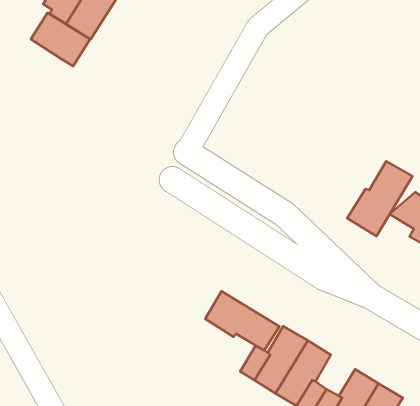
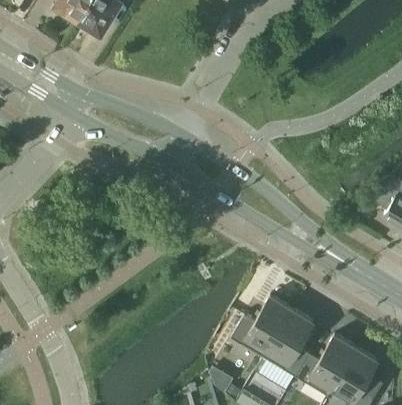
building: [31,13,90,66] -> none
building: [347,161,412,236] -> none
building: [205,291,279,351] -> none

